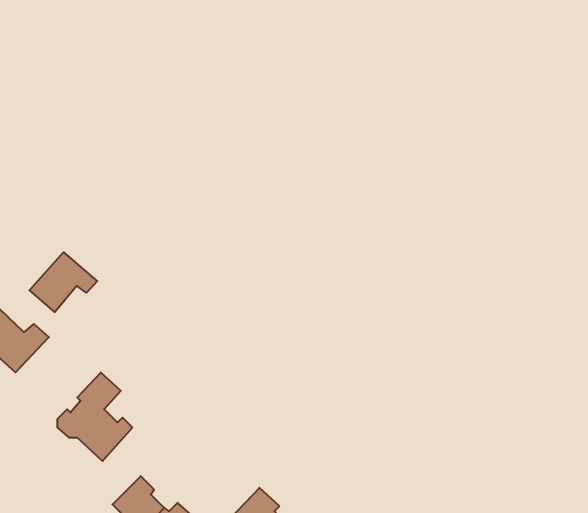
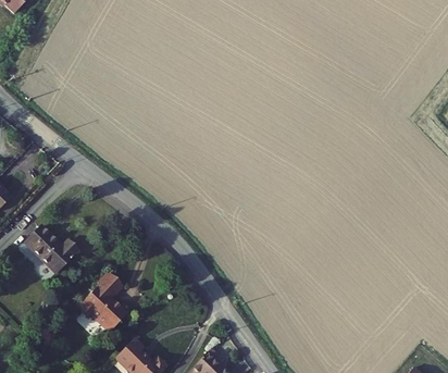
building: [29,252,97,312] -> none

